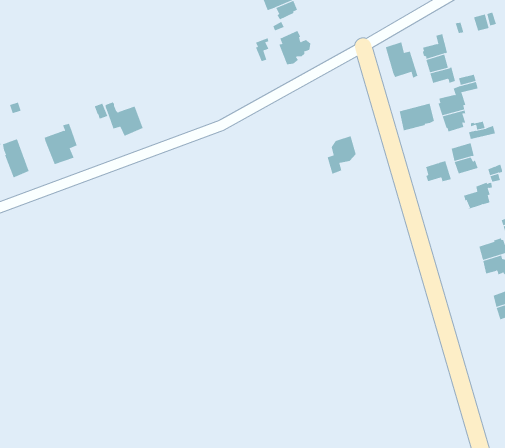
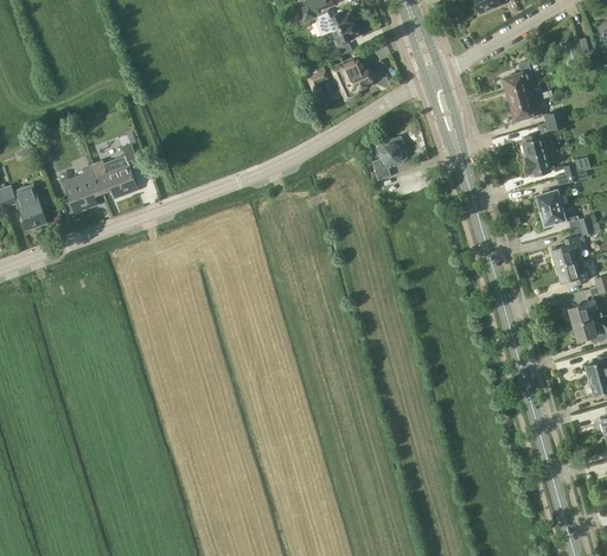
building: [385,41,418,78] -> none
building: [105,102,143,136] -> [92,160,138,200]
building: [399,103,435,131] -> none
building: [327,136,356,174] -> [372,136,407,181]
building: [423,161,452,182] -> [555,258,588,283]

